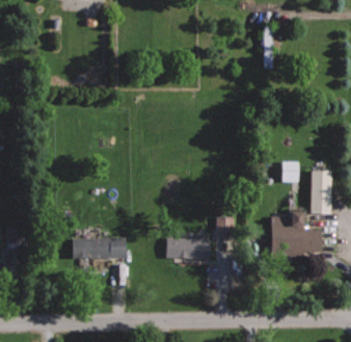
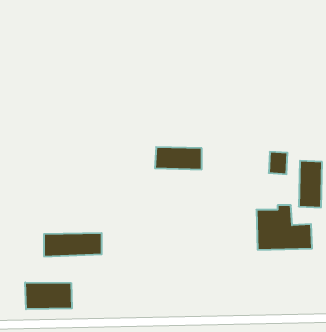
building: [166,238,210,259] -> [155,147,202,169]
building: none -> [25,282,72,309]

